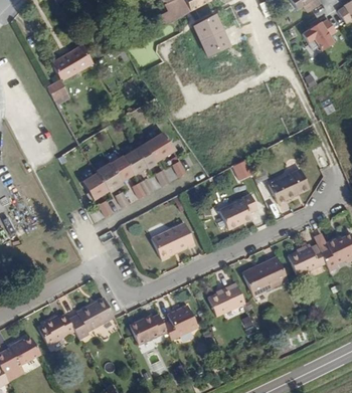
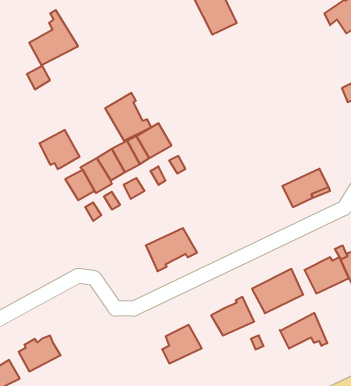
building: none -> [105,93,151,141]
building: none -> [40,130,80,169]
building: [218,193,256,226] -> none
building: none -> [280,313,327,349]
building: [71,299,118,340] -> none
building: [133,313,167,343] -> none

